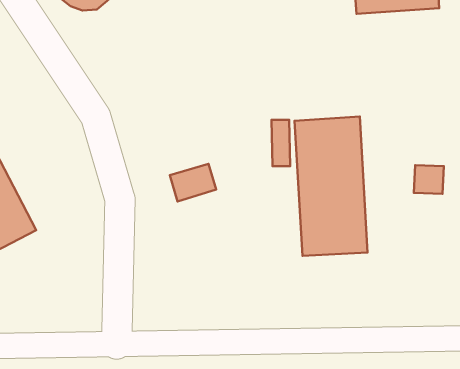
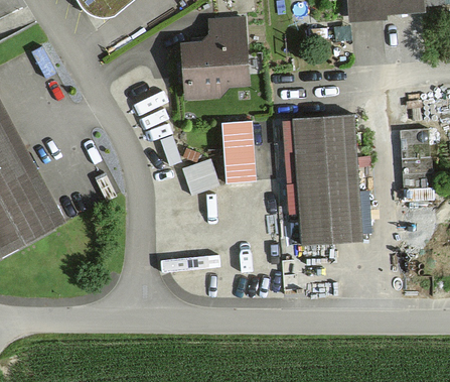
building: none -> [182,17,245,99]
building: none -> [224,123,258,181]

